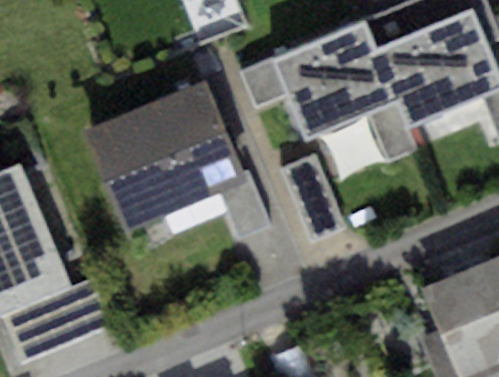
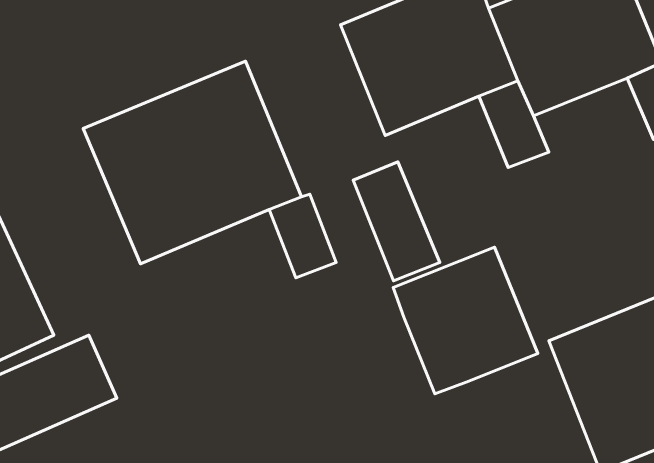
building: none -> [393,247,538,394]

